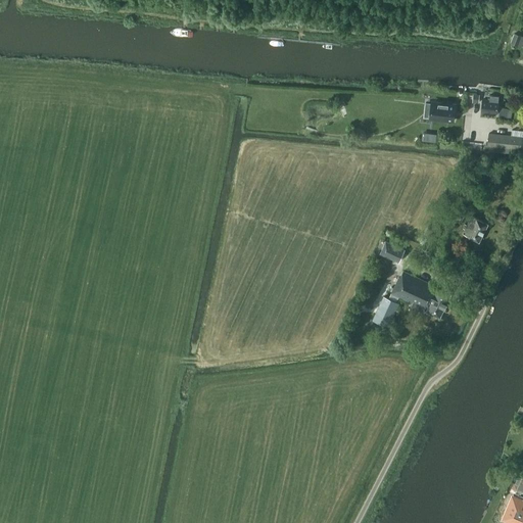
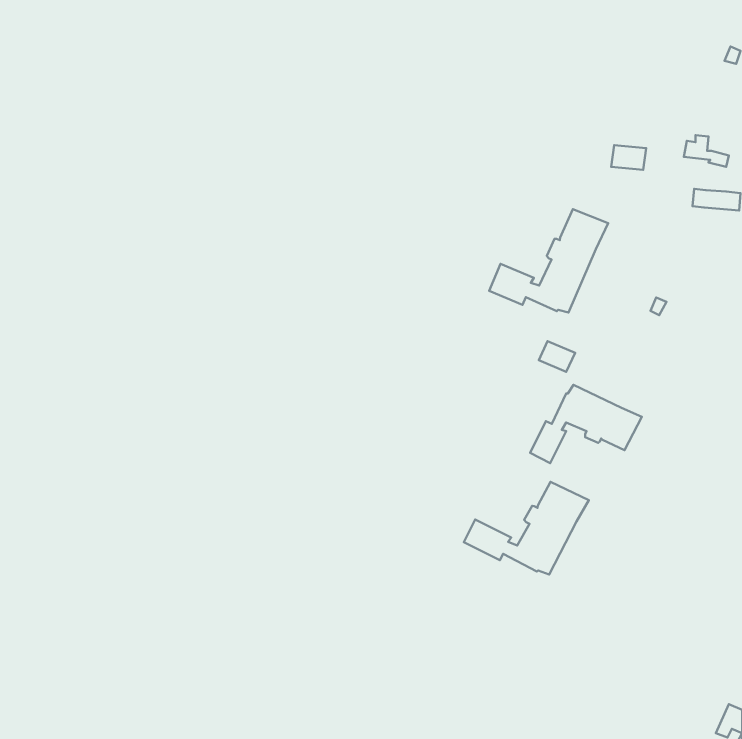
building: none -> [489,209,608,312]
building: [463,217,488,243] -> none
building: none -> [464,482,589,574]

